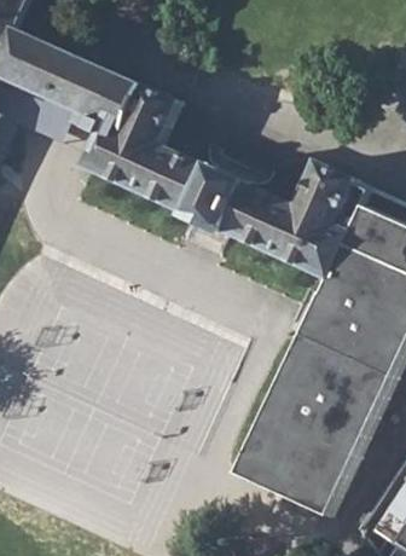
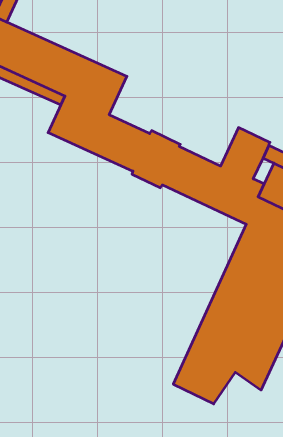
building: [284,458,342,515] -> none

